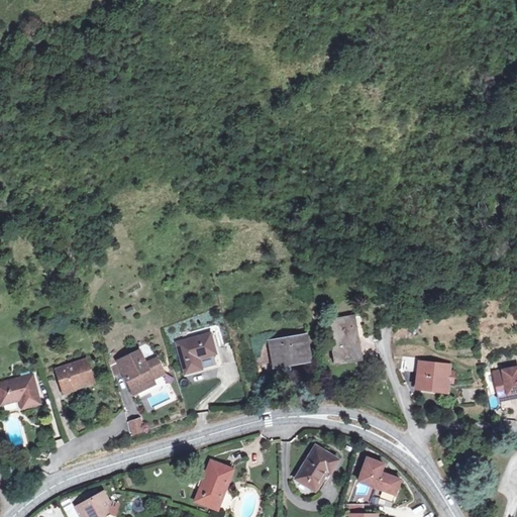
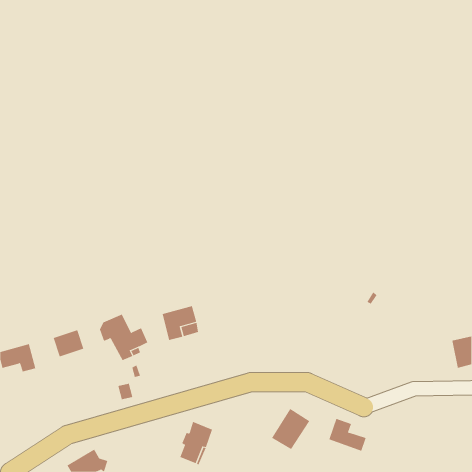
building: [329,318,360,361] -> none
building: [250,332,309,364] -> none
building: [417,363,447,388] -> none

